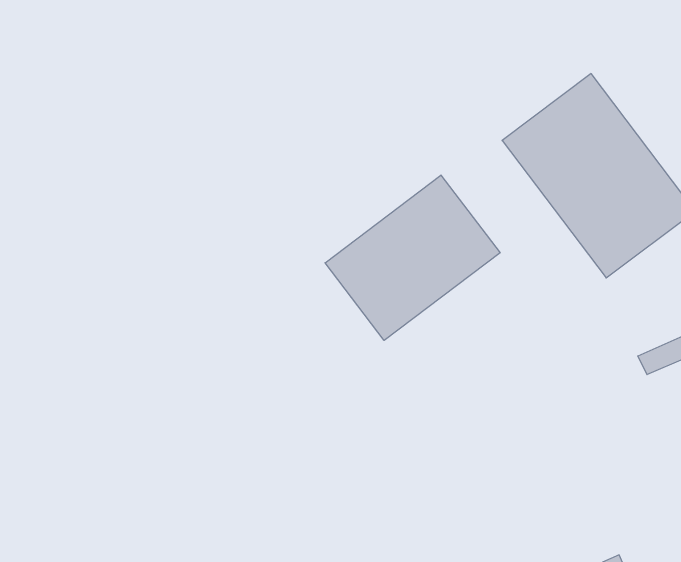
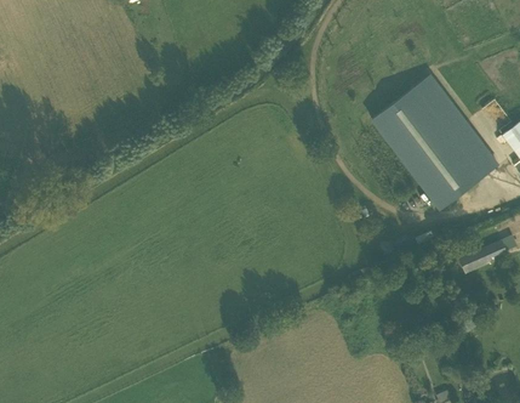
building: [325,175,500,340] -> none

